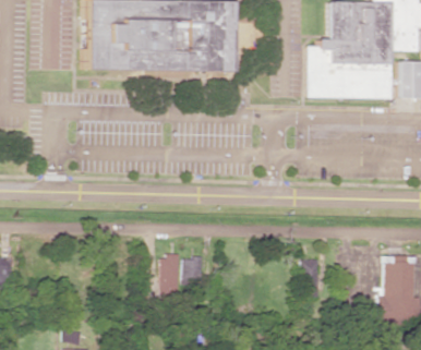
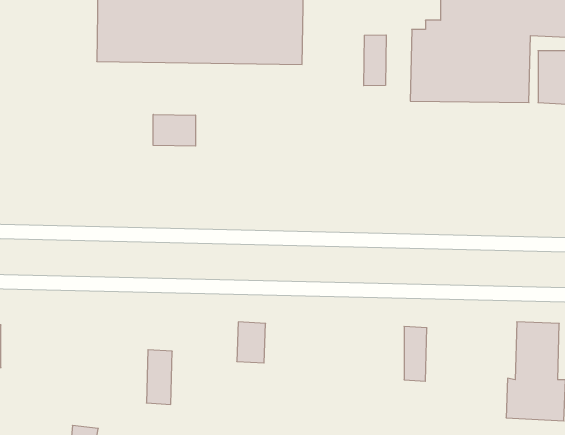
building: none -> [364,35,386,86]
building: none -> [153,114,195,146]
building: [163,253,181,292] -> [146,350,172,404]

